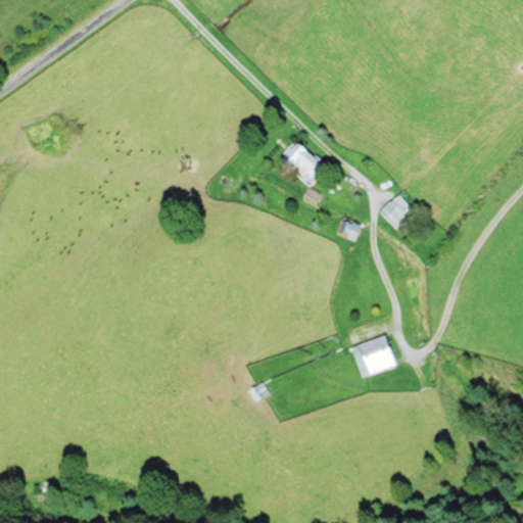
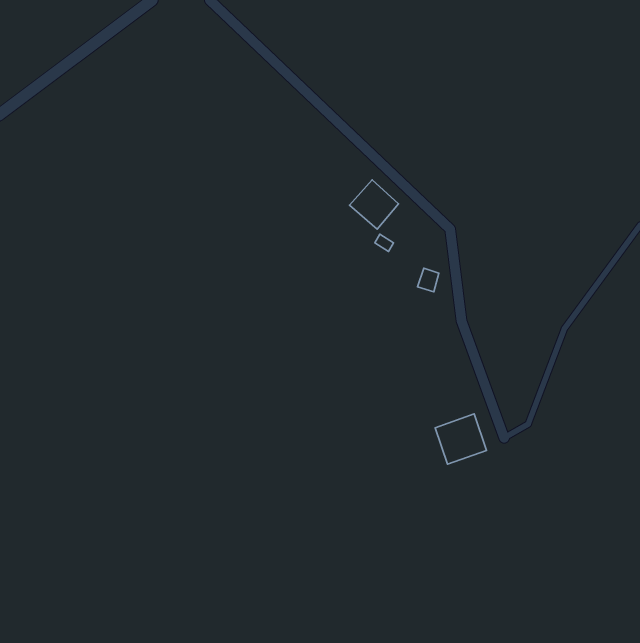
building: [379,194,411,226] -> none

